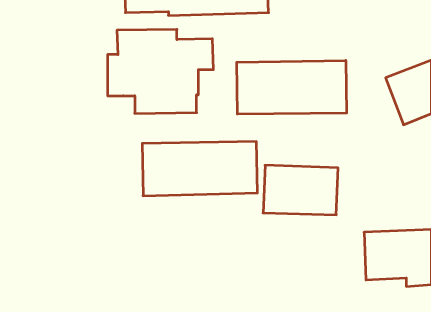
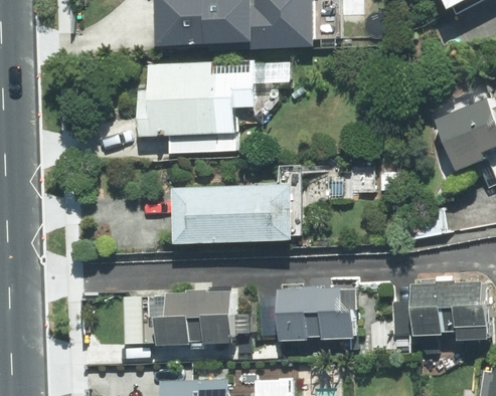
building: [237,60,347,114] -> none
building: [263,165,338,215] -> [278,286,358,340]
building: none -> [121,288,234,345]

